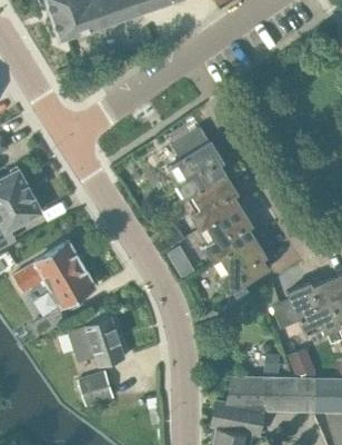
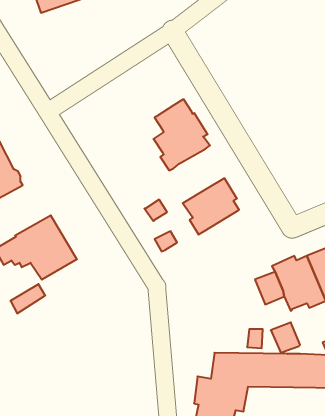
building: [187,174,241,230] -> none
building: [215,237,270,294] -> none
building: [67,307,124,367] -> none
building: [78,372,113,407] -> none

